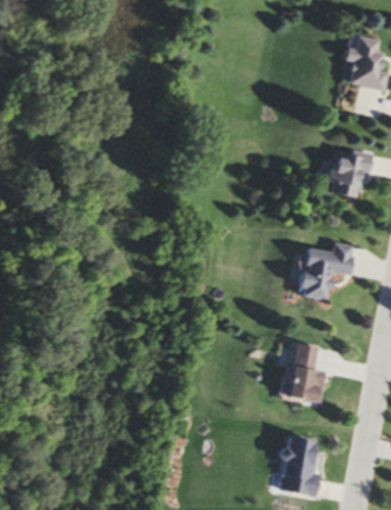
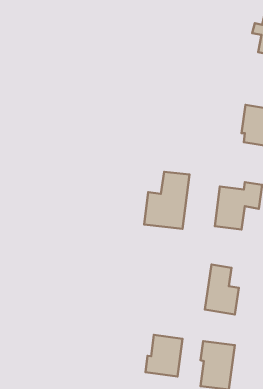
building: none -> [144,172,190,229]
building: none -> [145,335,182,377]

